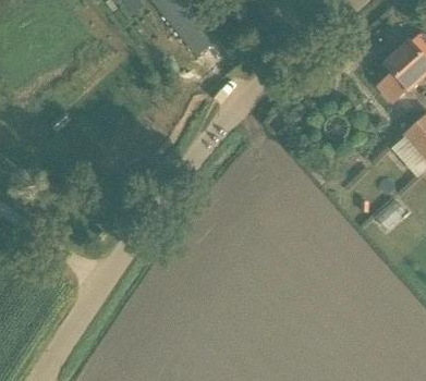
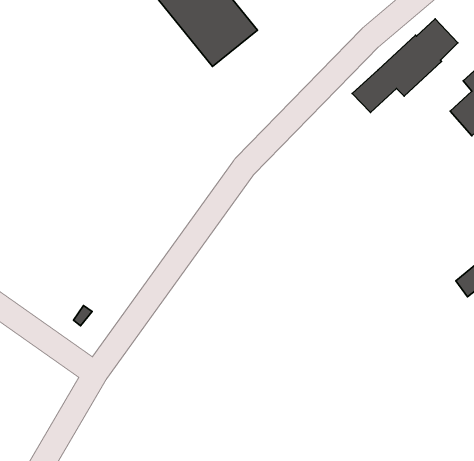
building: none -> [352,19,458,112]

